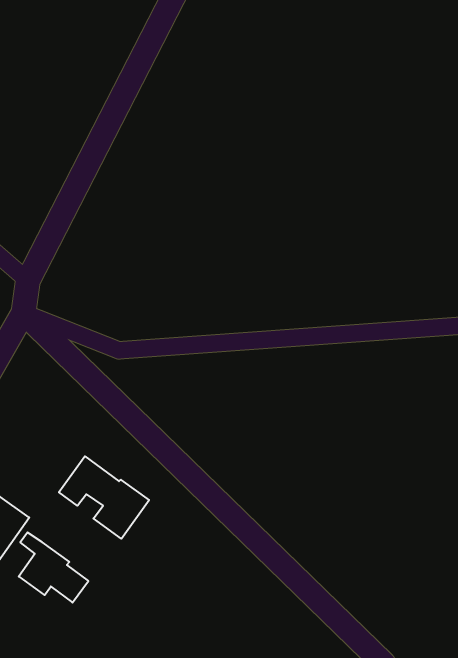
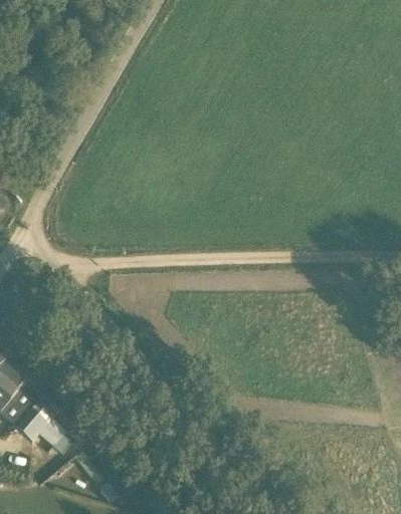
building: [59,456,149,539] -> none

